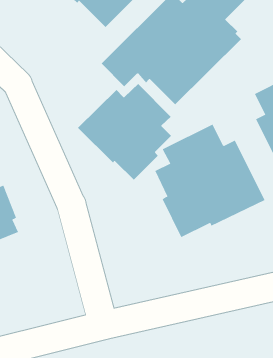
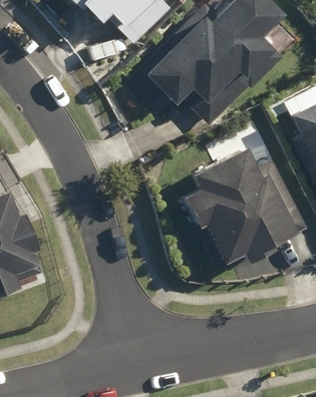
building: [77,83,172,181] -> none

